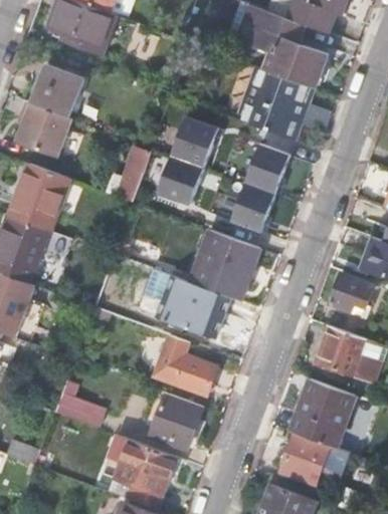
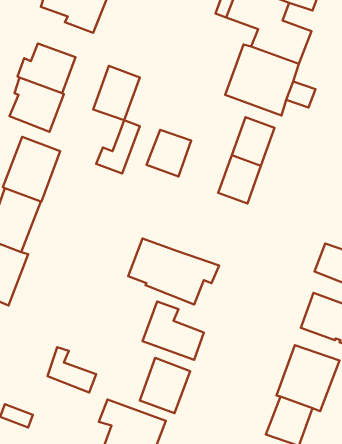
building: [171,111,219,168] -> [93,66,140,120]
building: [189,230,262,301] -> none

